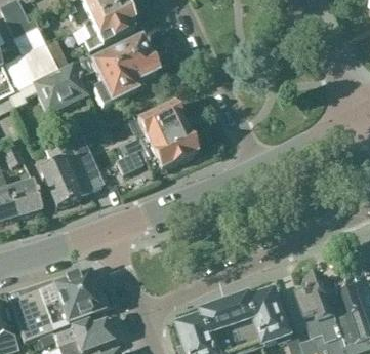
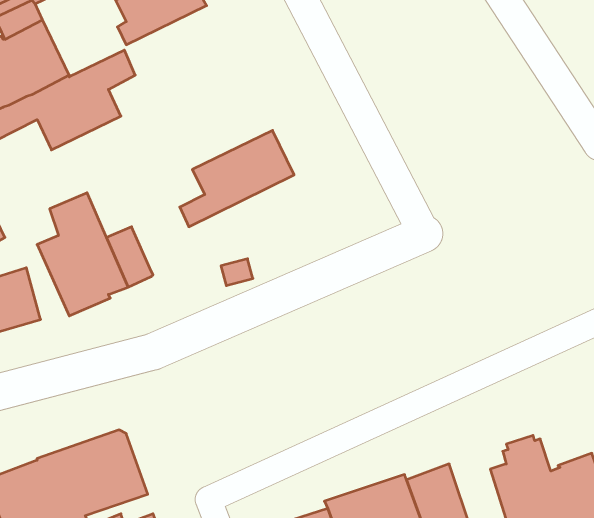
building: [89,38,157,105] -> none
building: [117,125,198,173] -> none

